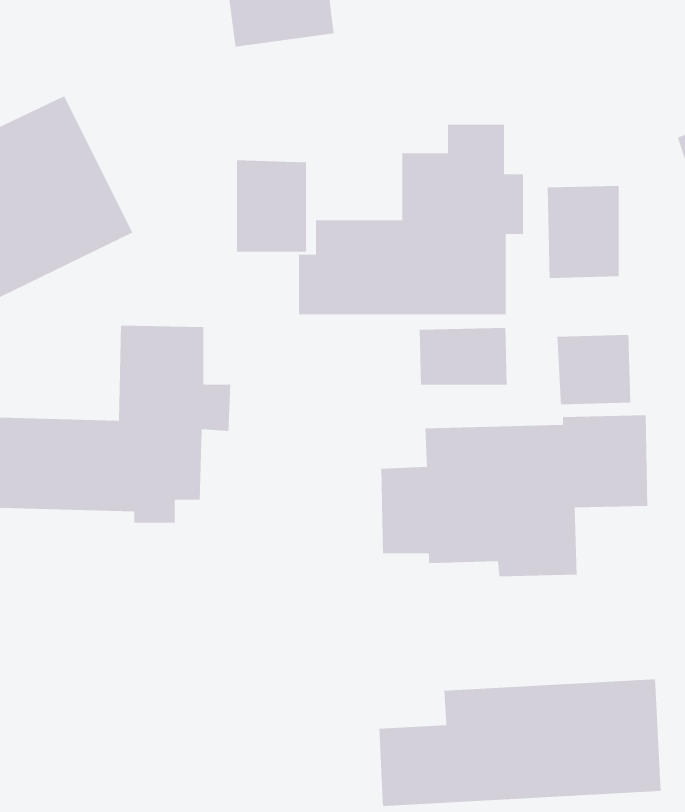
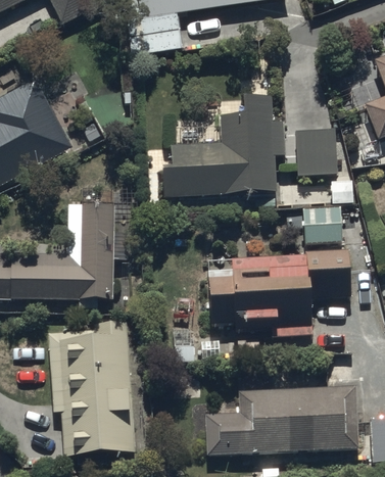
building: [236,159,307,253] -> none
building: [419,327,508,385] -> none
building: none -> [50,319,135,452]

